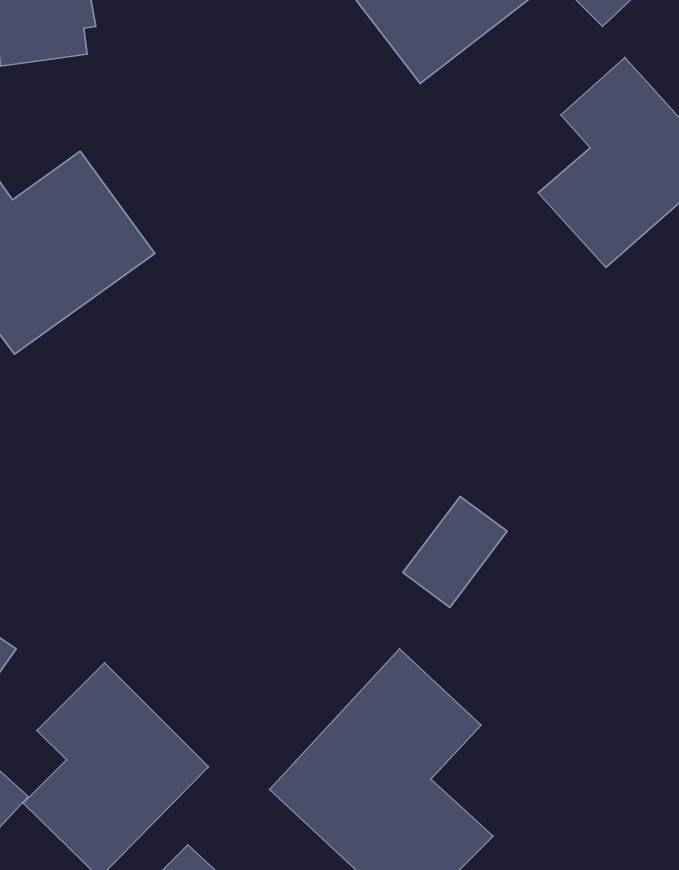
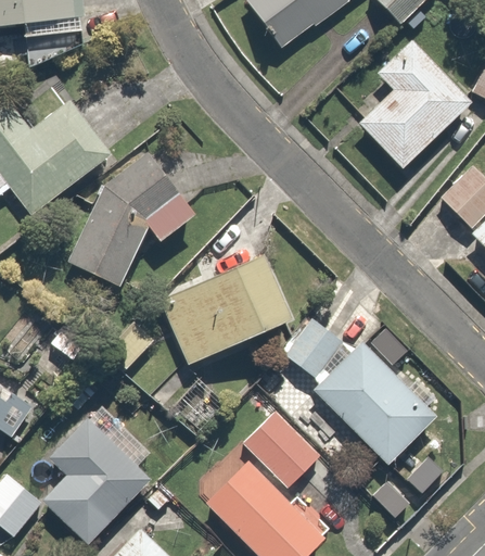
building: none -> [65,156,193,288]
building: none -> [164,256,289,361]
building: none -> [316,344,434,463]

